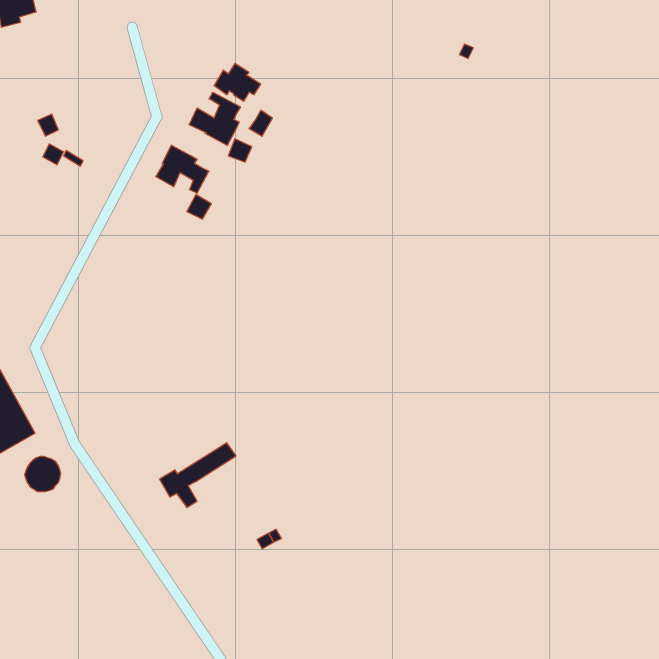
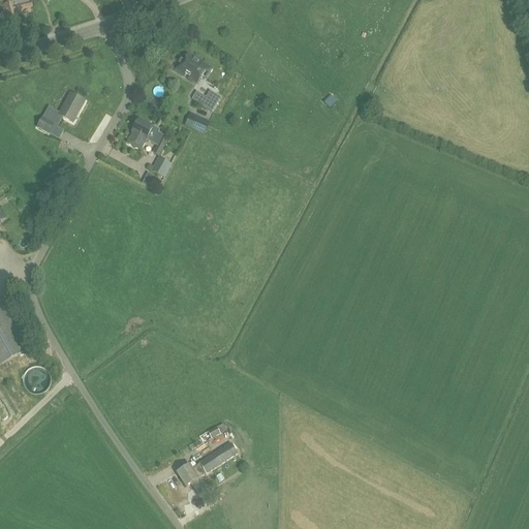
building: [189,92,240,146] -> none
building: none -> [56,91,83,120]
building: [159,443,236,508] -> [175,441,236,493]

